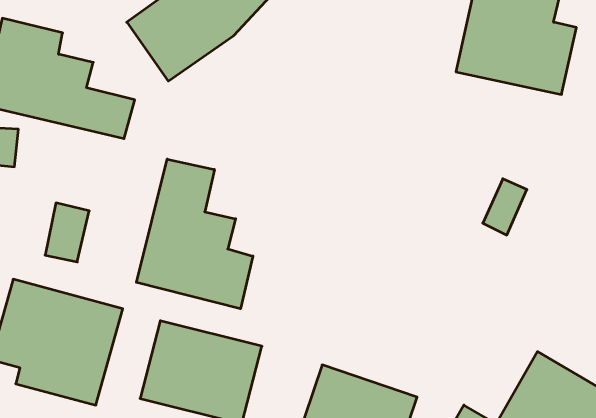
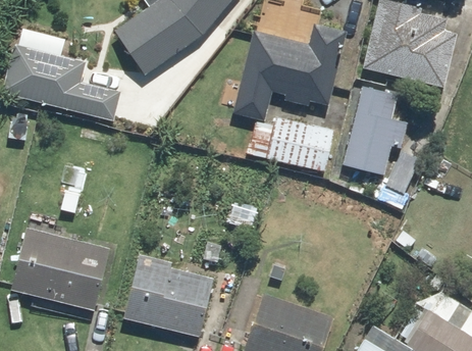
building: none -> [237,22,348,173]
building: none -> [343,84,409,173]
building: [136,159,253,309] -> none

